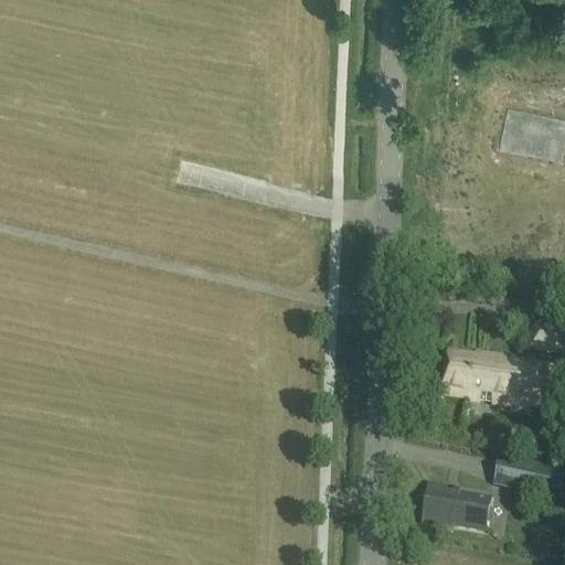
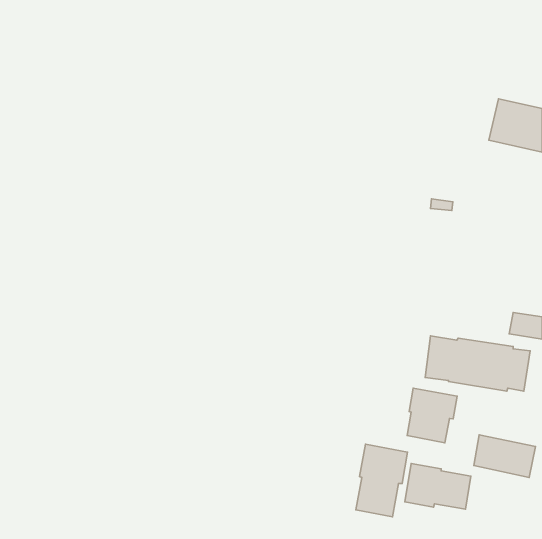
building: none -> [407,388,457,443]
building: none -> [356,444,408,517]

